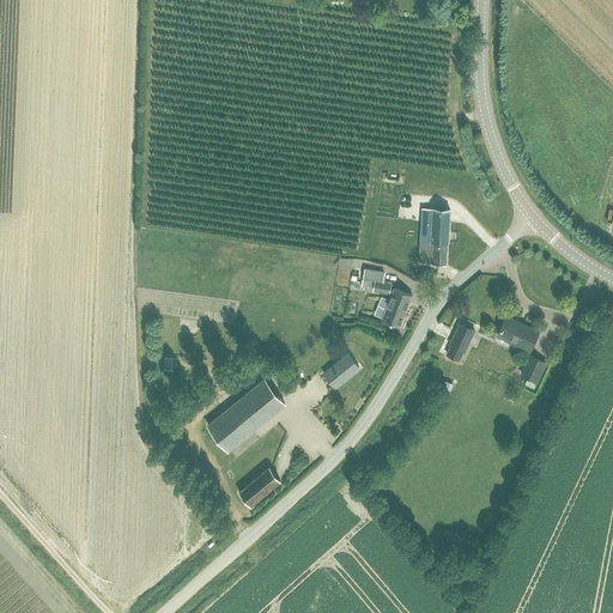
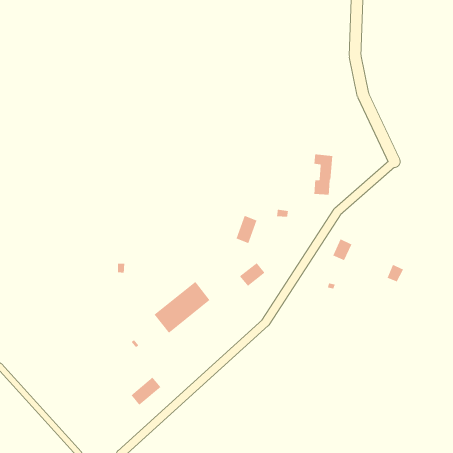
building: [381,289,411,328] -> [235,215,258,244]
building: [496,317,538,352] -> none
building: [238,468,280,508] -> [130,376,161,406]

